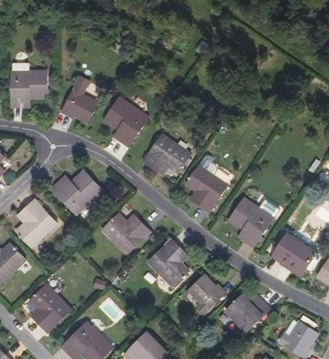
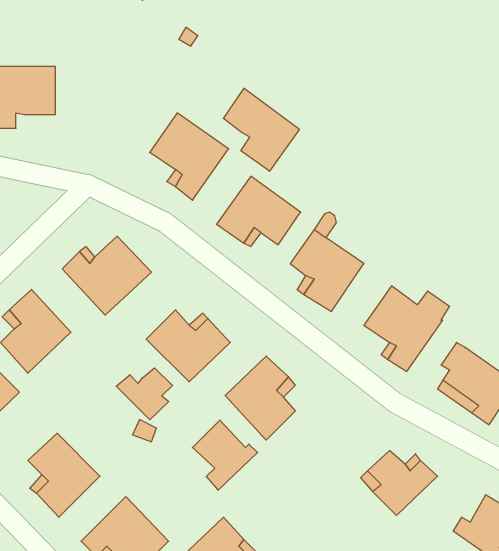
building: [59,77,97,124] -> none
building: none -> [223,88,299,171]
building: none -> [116,368,173,420]
building: [187,274,225,315] -> [192,420,258,490]

